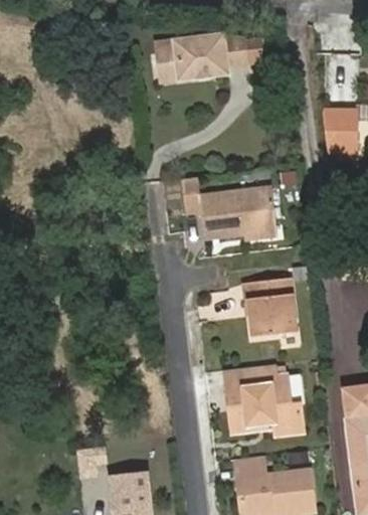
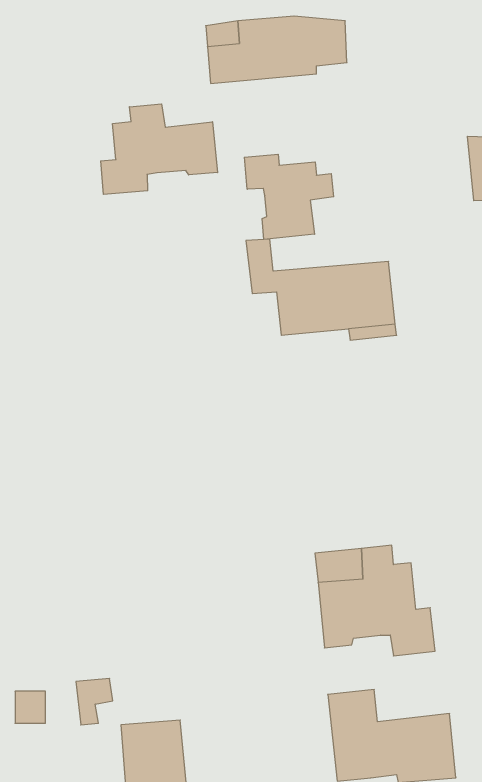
building: none -> [101,104,218,194]
building: none -> [244,154,334,239]
building: [247,279,297,337] -> none

